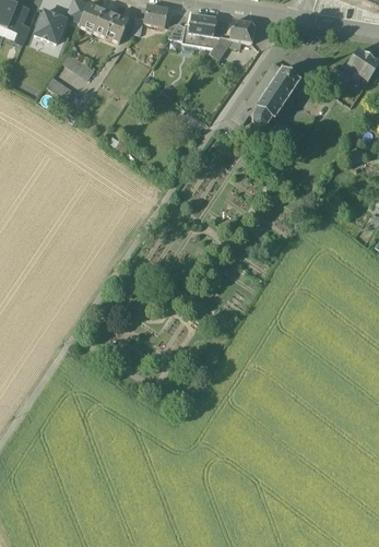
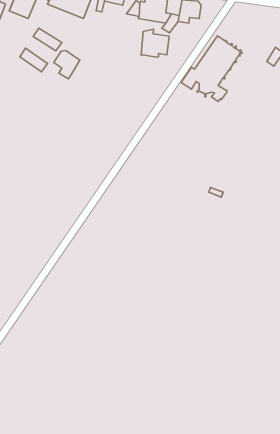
building: none -> [141,29,169,57]
building: none -> [54,50,80,79]

